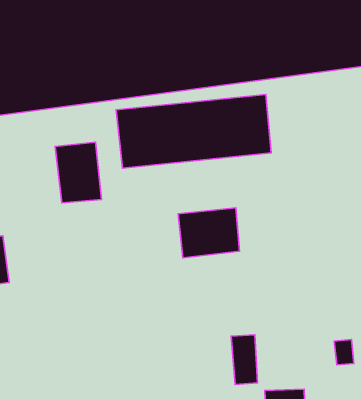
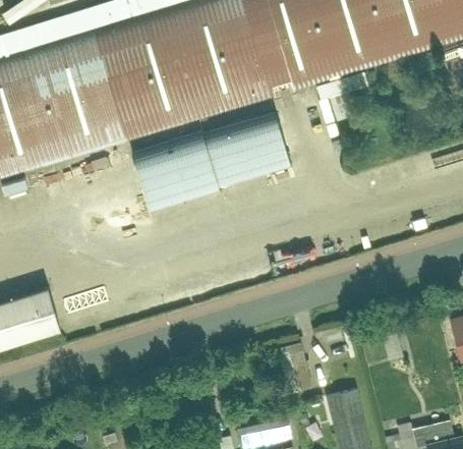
building: [55,142,101,203] -> none
building: [178,208,240,258] -> none

